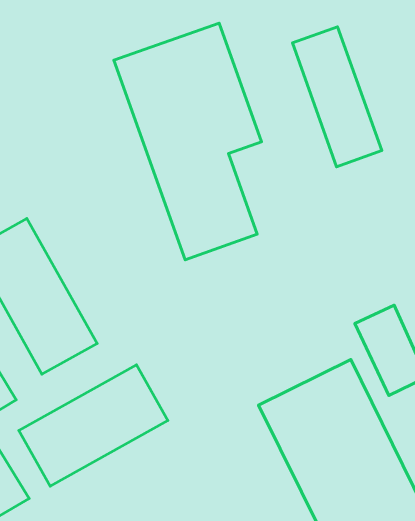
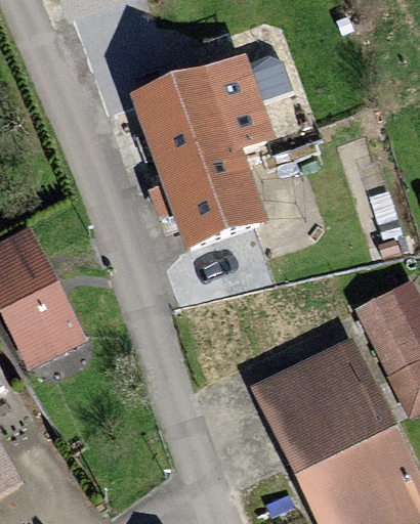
building: [292,27,382,167] -> none
building: [19,365,168,486] -> none

